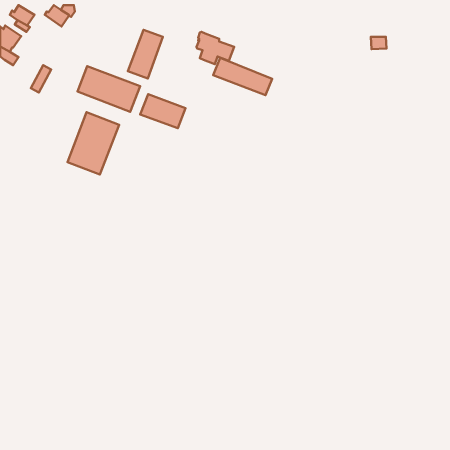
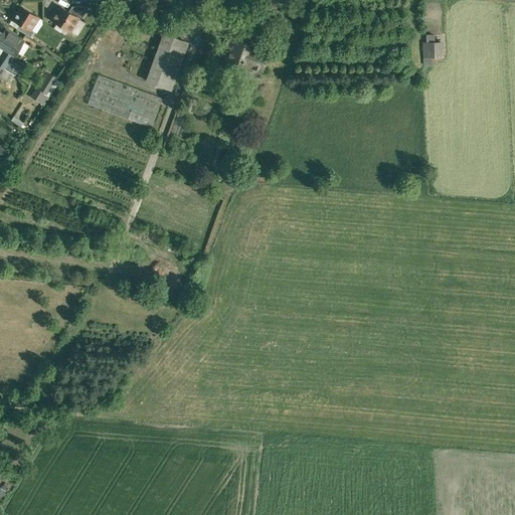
building: [213,58,272,95] -> none
building: [140,94,185,128] -> none
building: [67,112,119,175] -> none

